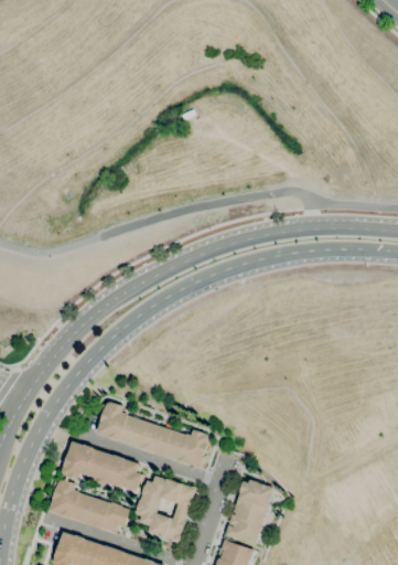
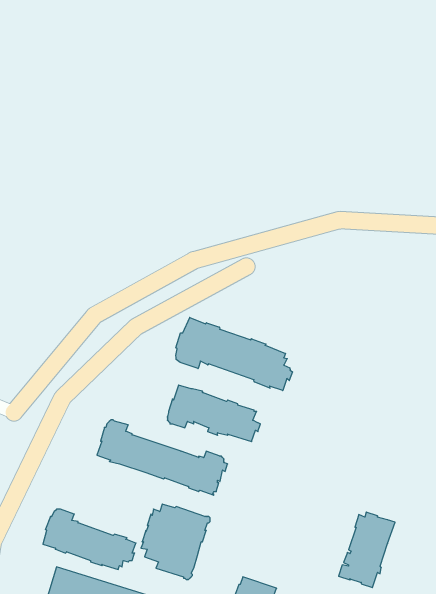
building: none -> [176,317,293,391]
building: [62,441,143,491] -> [167,385,260,442]
building: [224,479,273,545] -> [339,512,395,588]

